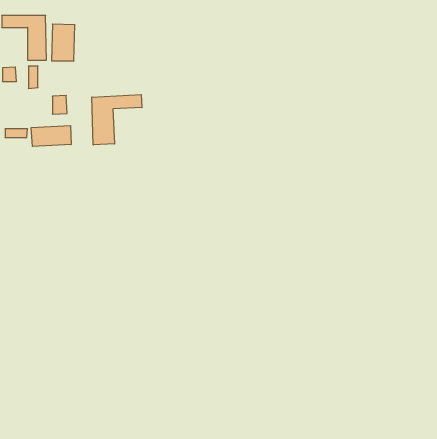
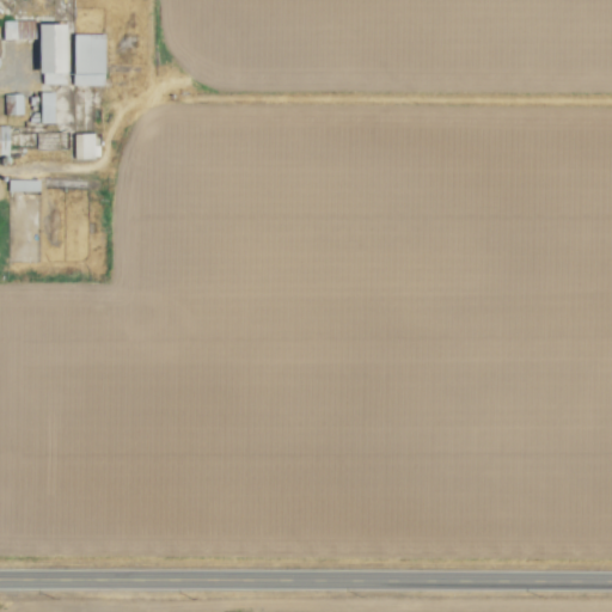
building: [92,95,142,145] -> none
building: [31,126,71,146] -> none

